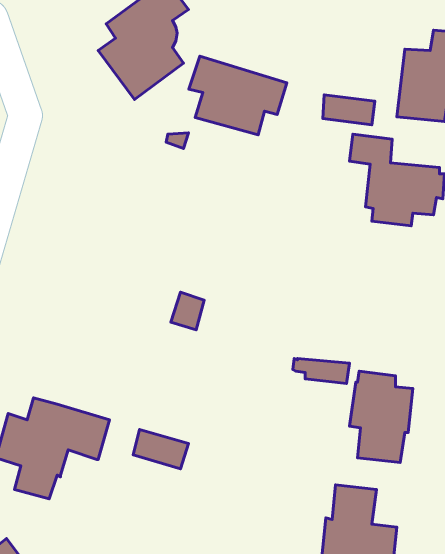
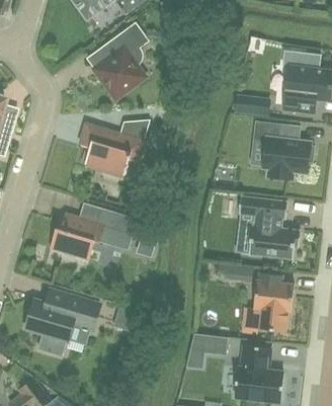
building: [189,56,287,135] -> [80,125,143,175]
building: none -> [239,195,300,259]
building: none -> [50,208,134,259]
building: none -> [190,333,227,353]

